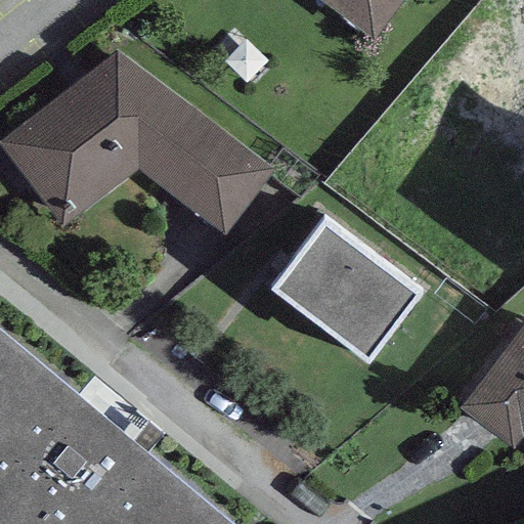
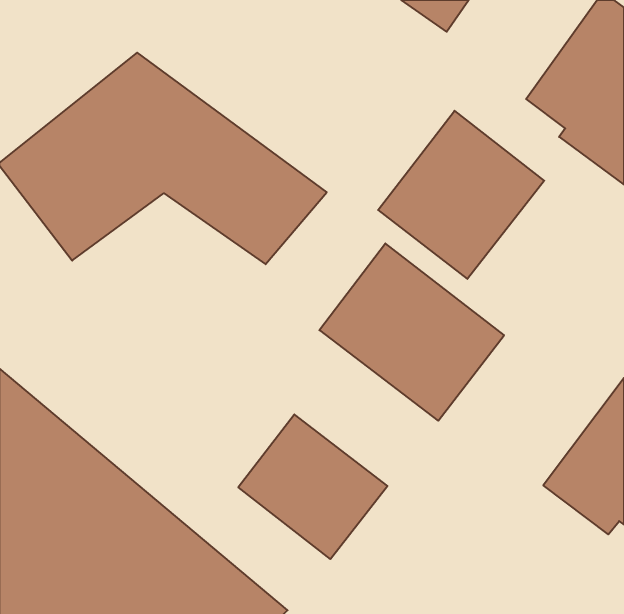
building: none -> [378,111,544,279]
building: none -> [238,414,387,559]

